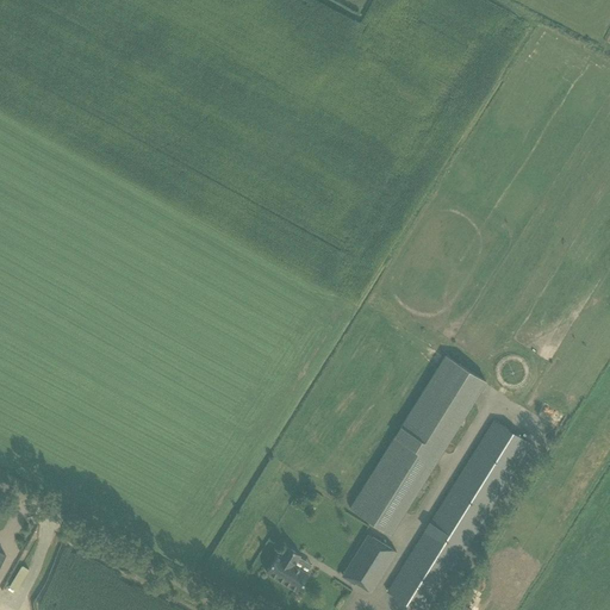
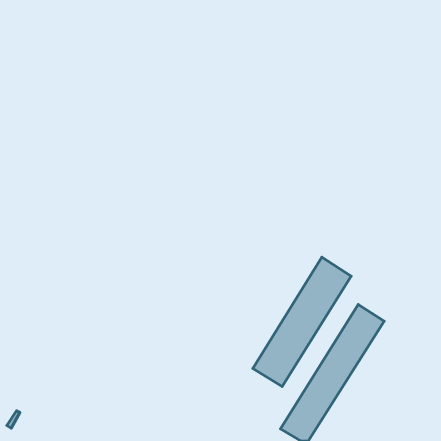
building: [351,534,396,592] -> none
building: [266,547,309,592] -> none

